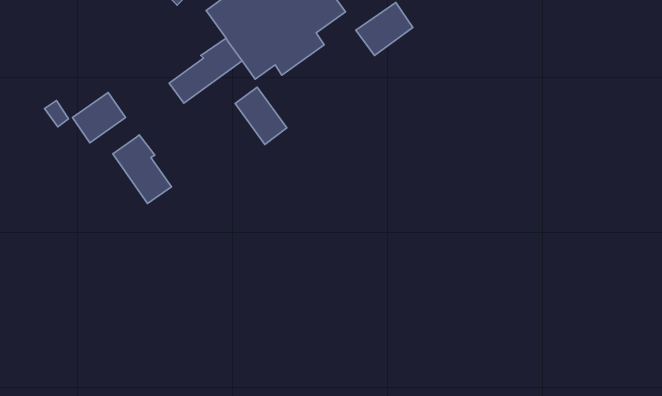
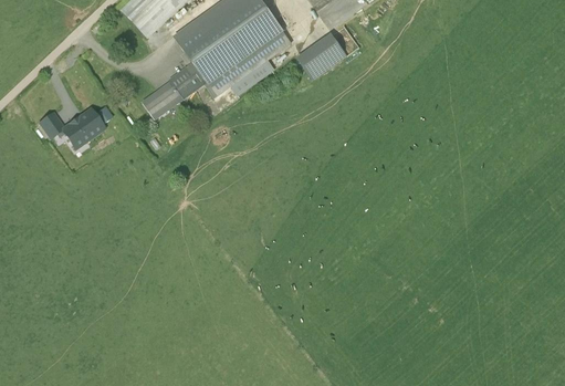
building: [235,87,287,144] -> none
building: [113,135,171,204] -> none

